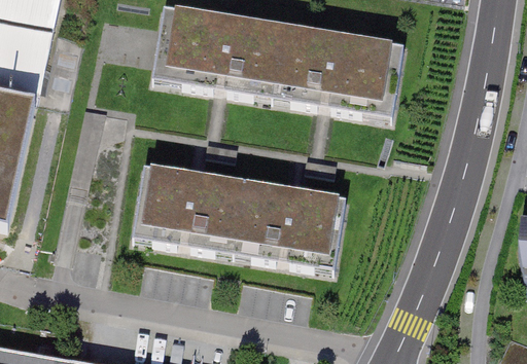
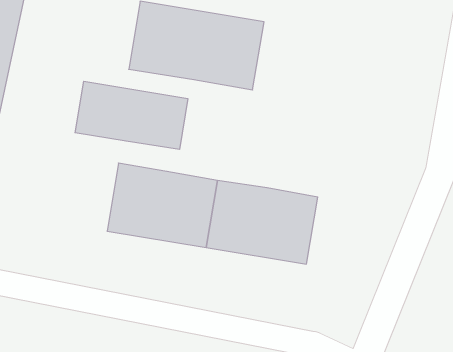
building: [279,23,406,109] -> none
building: none -> [75,81,188,149]

